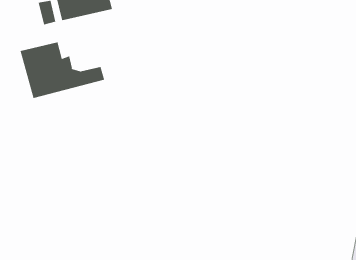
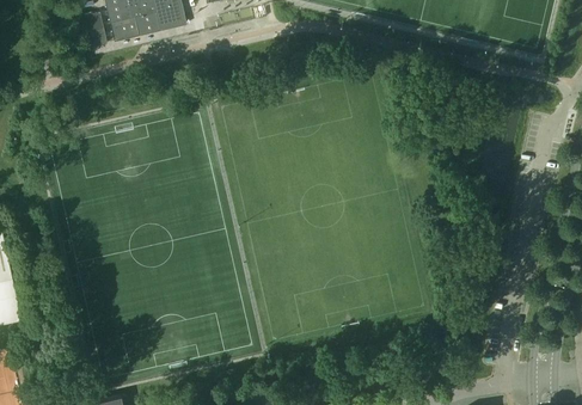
building: [20,41,105,99] -> none

